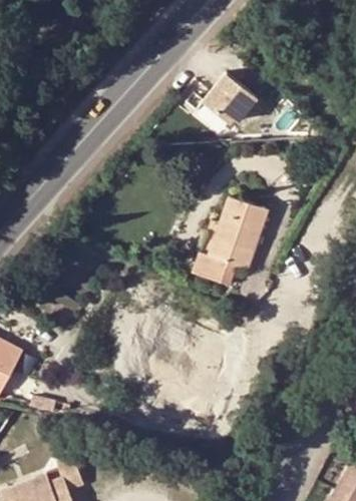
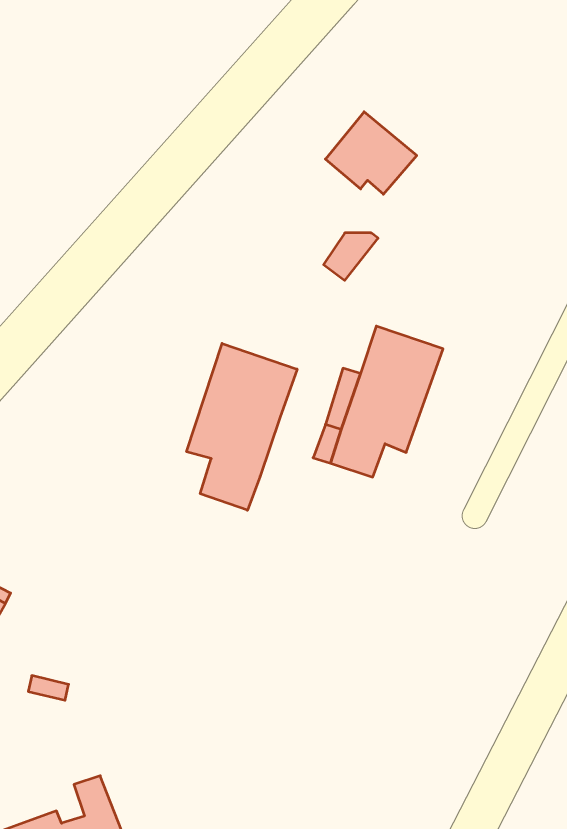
building: none -> [187,343,297,510]

